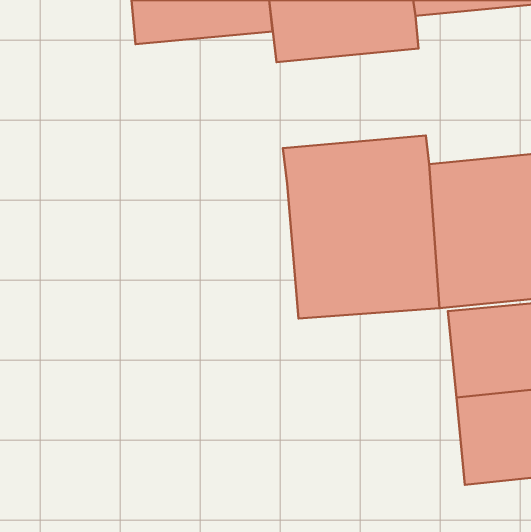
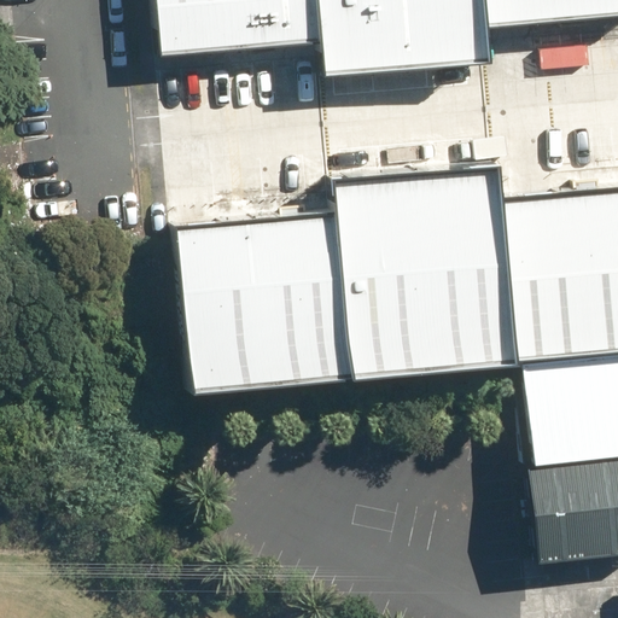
building: none -> [179,217,350,385]

